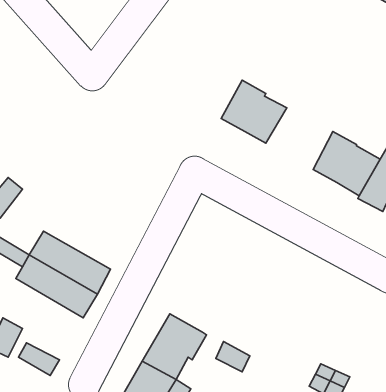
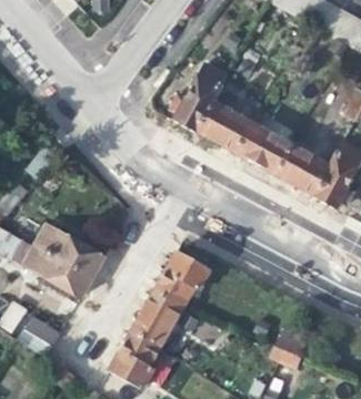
building: none -> [169,62,227,132]
building: none -> [233,121,290,173]
building: none -> [152,253,208,310]

